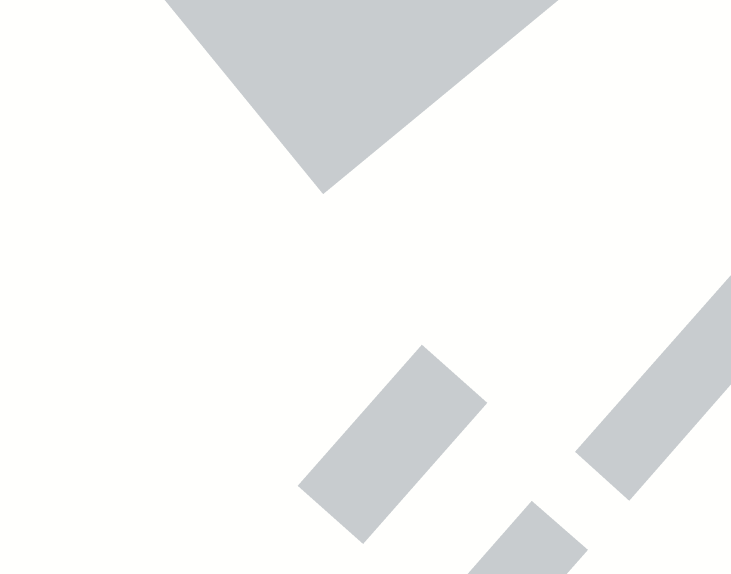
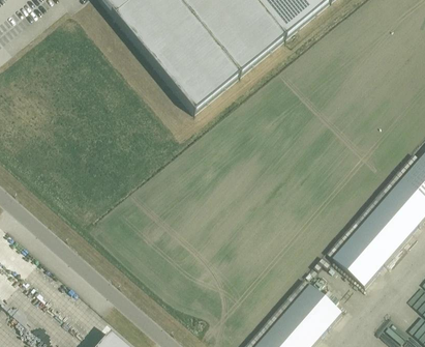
building: [297,344,488,545] -> none

